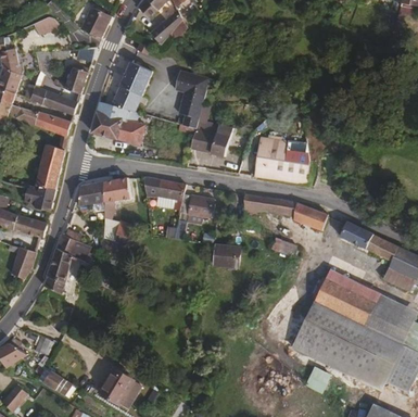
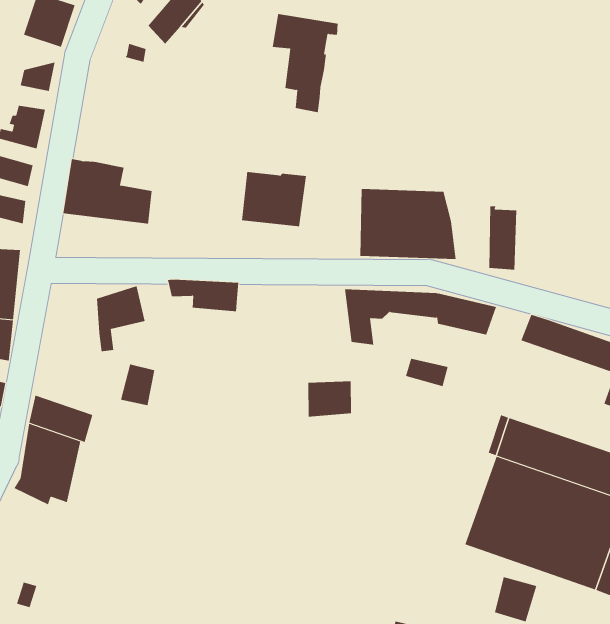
building: [112,60,152,111] -> none
building: [173,71,212,129] -> [272,14,338,113]
building: none -> [489,206,517,271]
building: [77,181,103,203] -> none
building: [178,193,212,216] -> none

